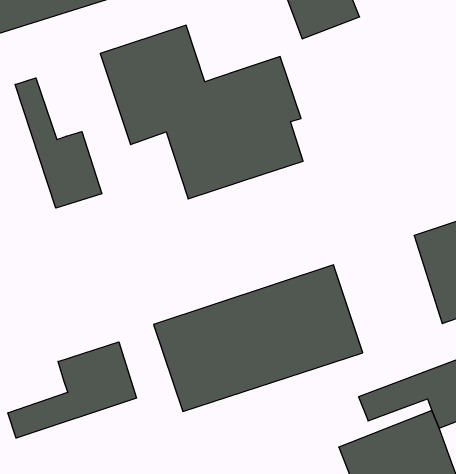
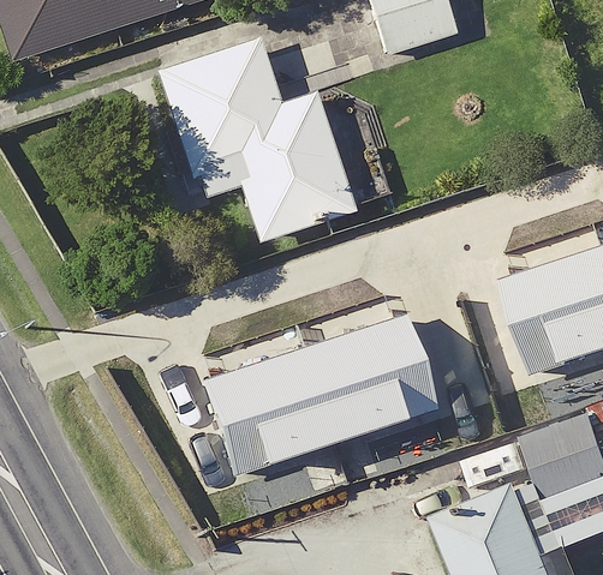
building: [15,78,102,208] -> none
building: [8,342,137,438] -> none

